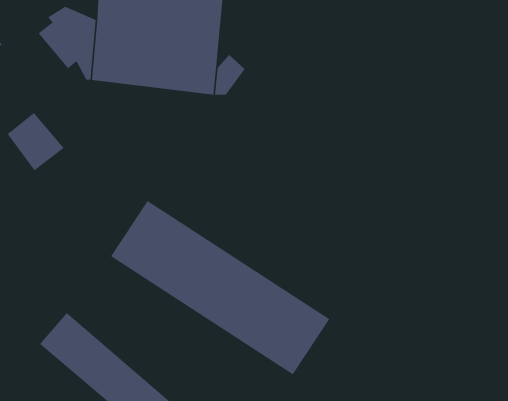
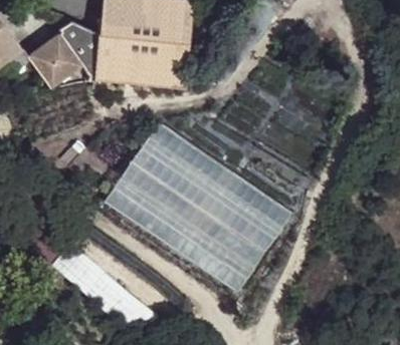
building: [7,112,64,171] -> [30,40,72,83]
building: none -> [131,122,291,250]

